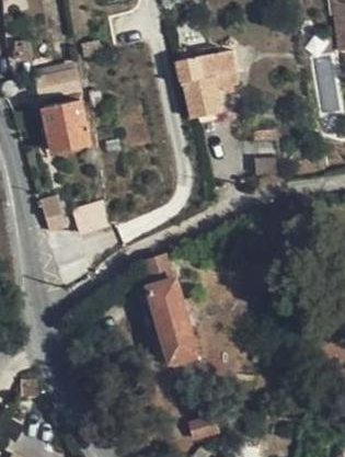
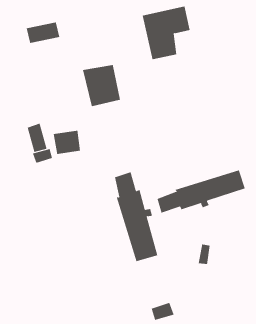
building: [43,100,90,151] -> [82,65,121,107]
building: none -> [157,170,246,213]

